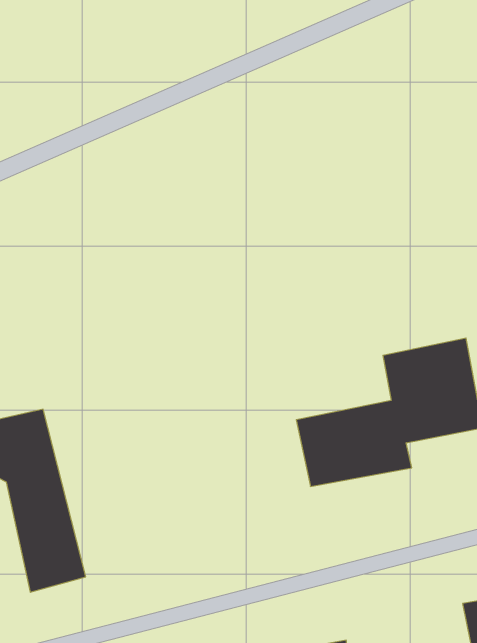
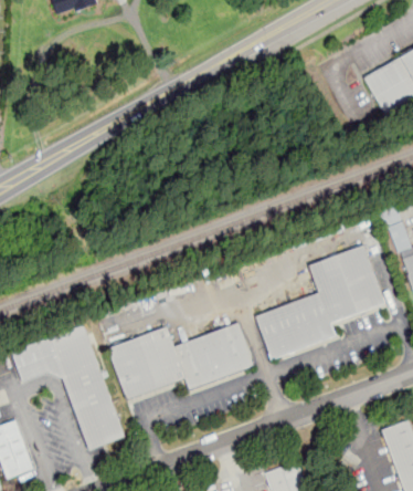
building: none -> [108,320,254,398]

